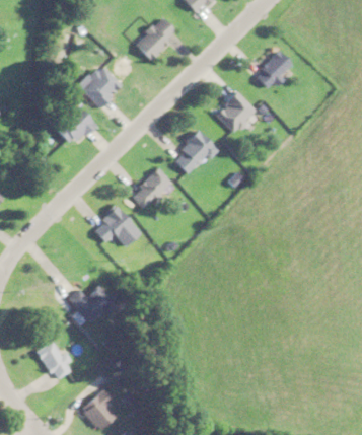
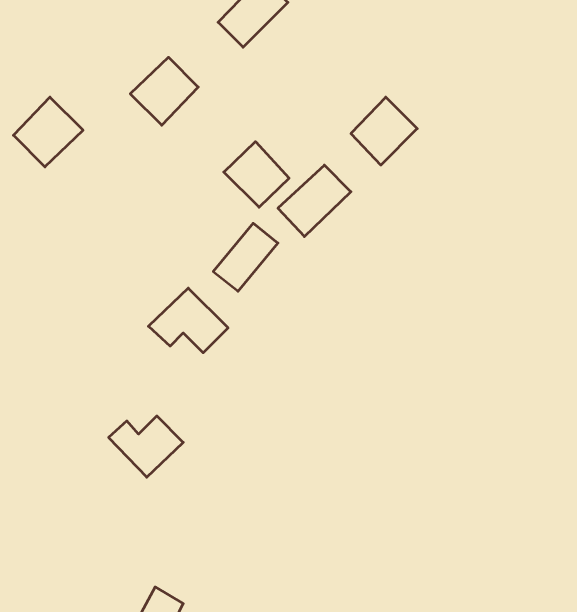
building: [256,51,294,89] -> none
building: [53,103,95,146] -> [13,97,83,167]
building: none -> [224,142,289,207]
building: [38,342,74,380] -> none

